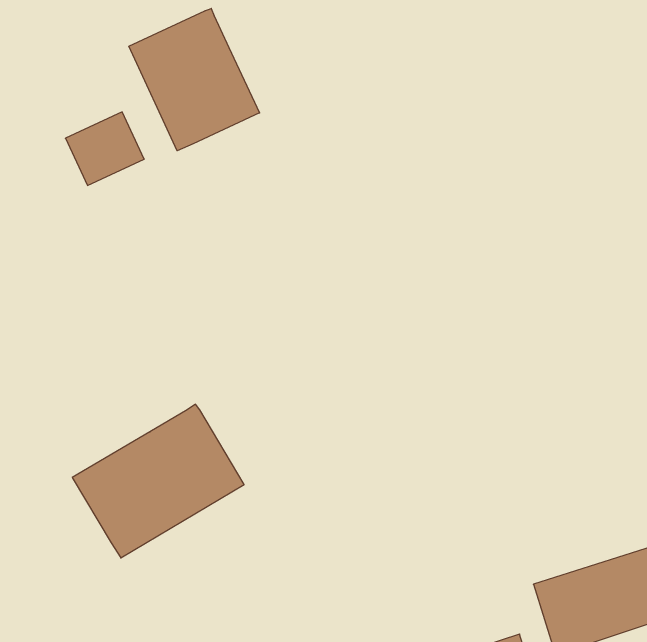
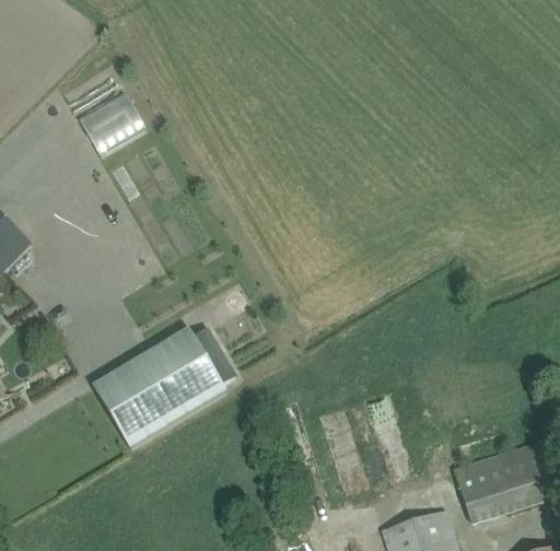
building: [129,8,260,151] -> none

